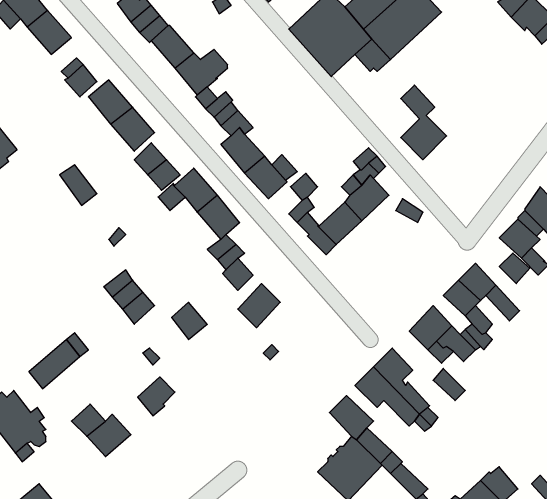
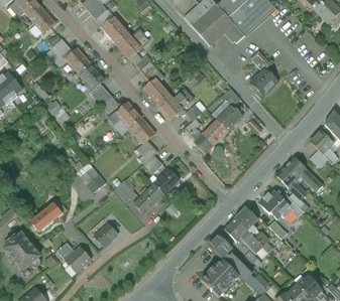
building: none -> [134,184,164,214]

